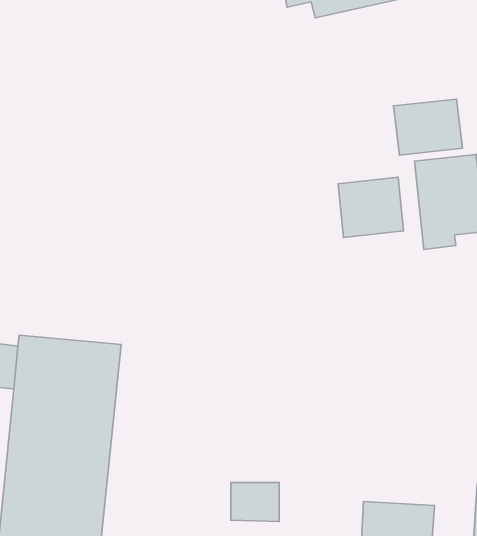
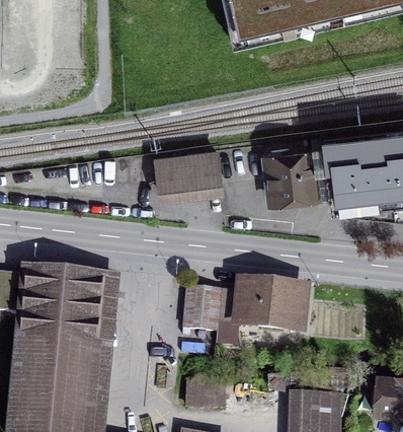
building: [394,99,462,155] -> none
building: none -> [157,151,222,190]
building: none -> [185,286,313,343]

